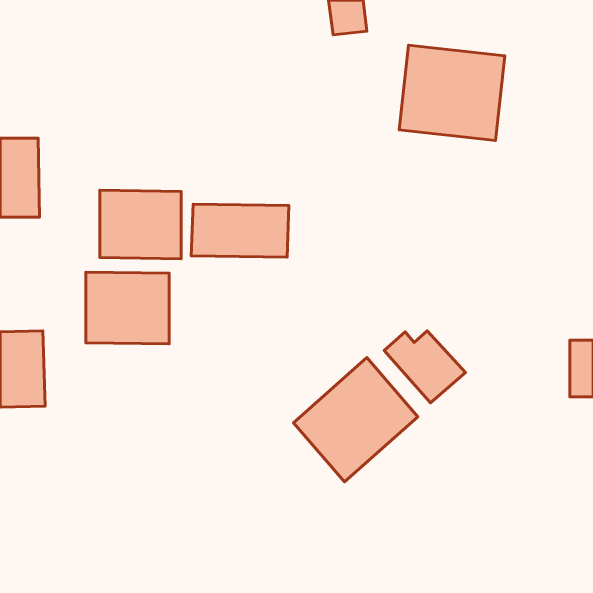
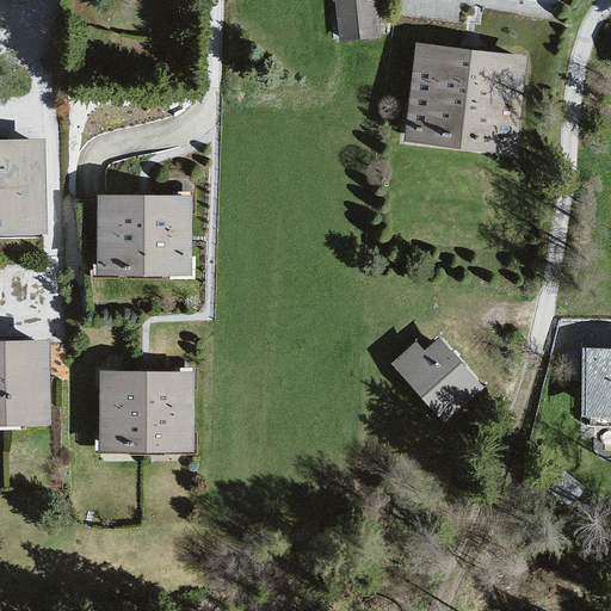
building: [191,204,289,257] -> none
building: [86,272,169,344] -> [103,371,189,445]
building: [294,358,418,482] -> none

